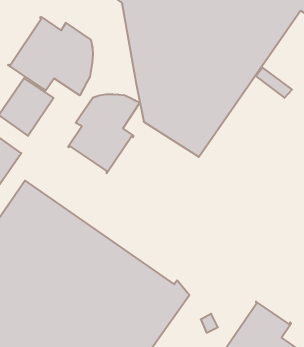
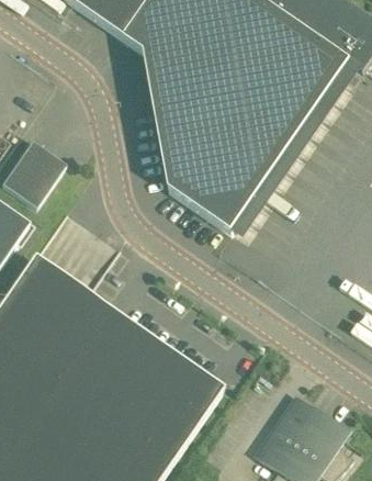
building: [8,17,93,95] -> none
building: [68,94,140,173] -> none

